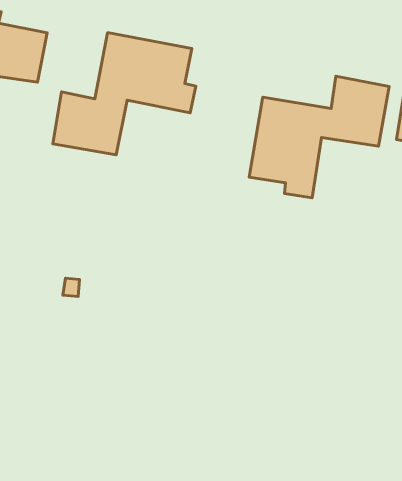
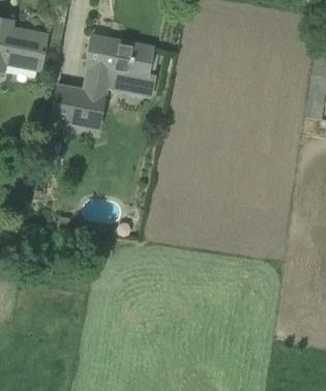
building: [249,76,389,198] -> none

